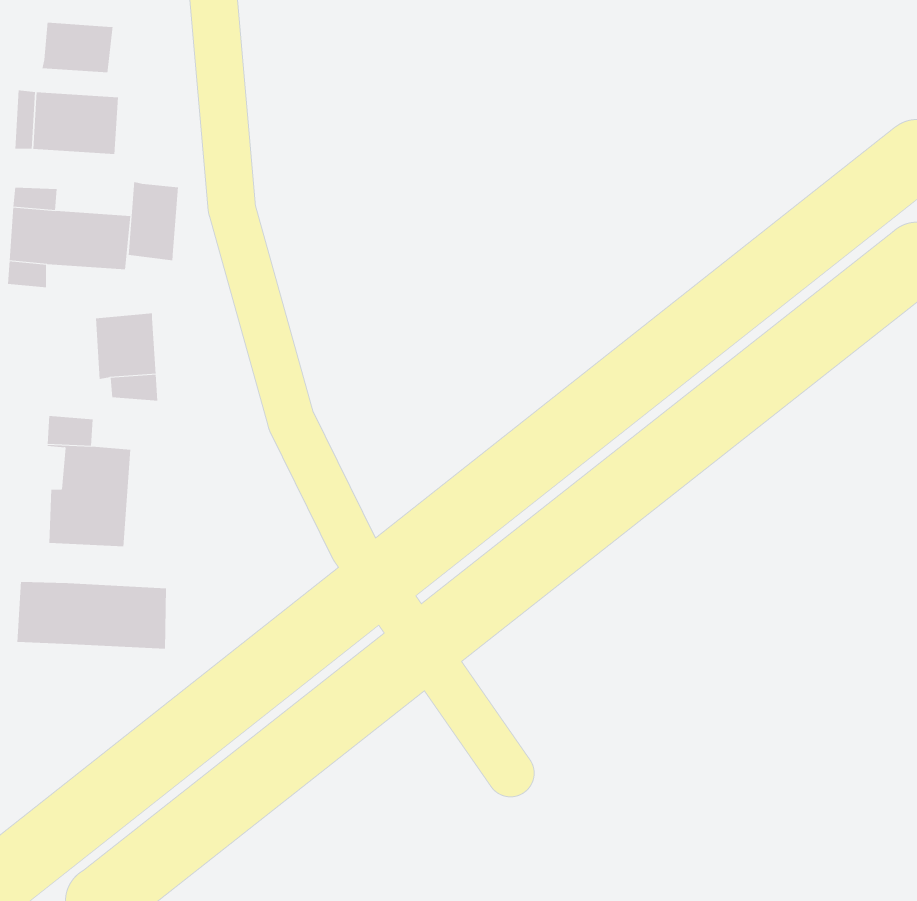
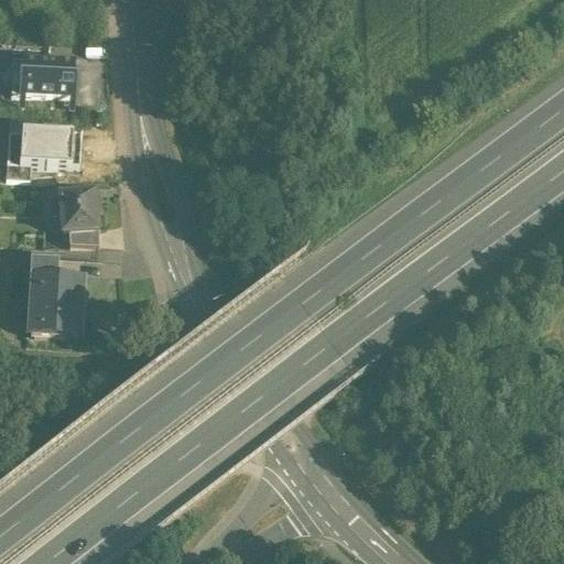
building: [42,22,113,73] -> none
building: [128,181,179,261] -> none
building: [17,581,167,650] -> none

